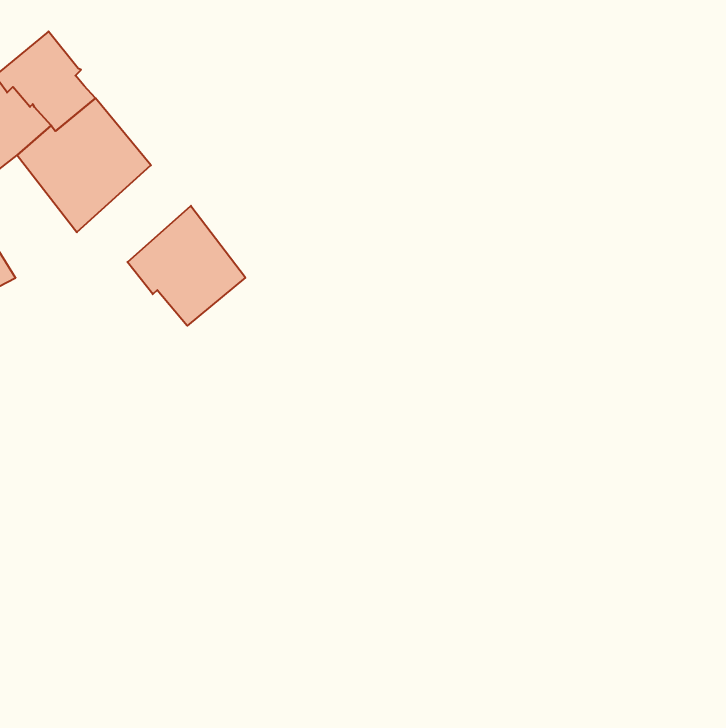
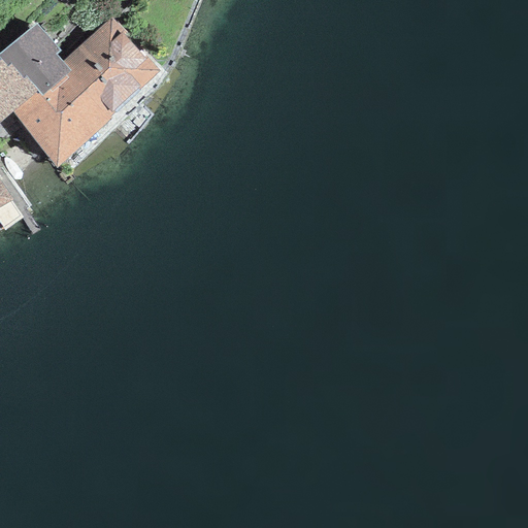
building: none -> [61,16,160,120]
building: [127,206,245,326] -> none

